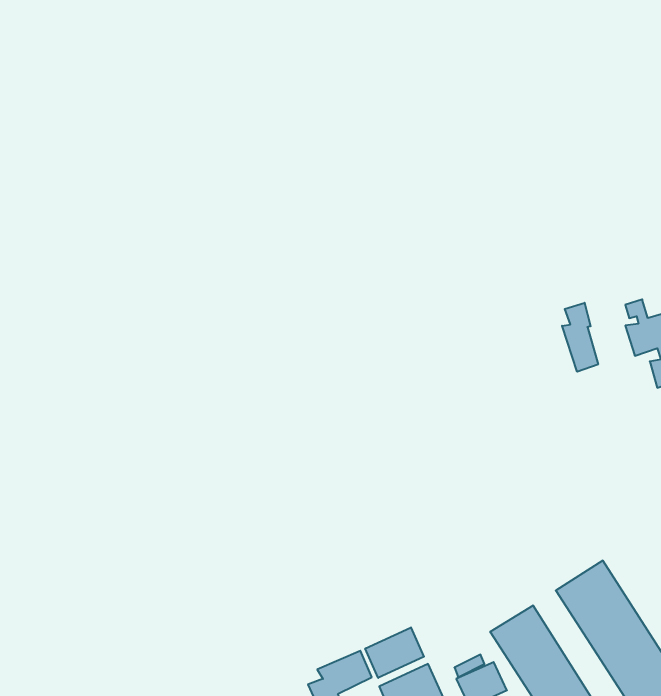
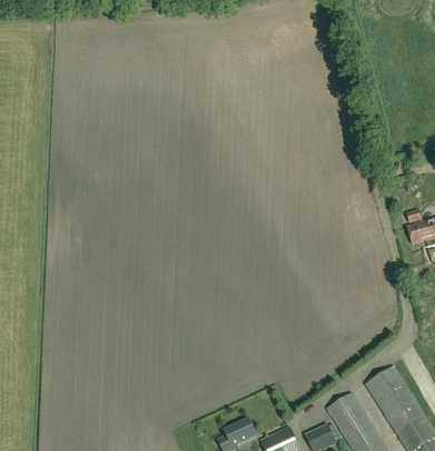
building: [562,303,598,372] -> none
building: [365,627,424,678] -> none

